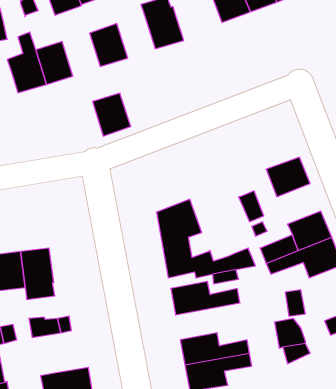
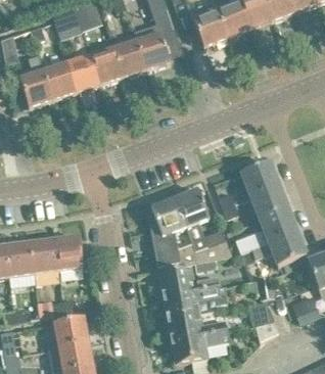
building: none -> [113,41,146,78]
building: [93,93,131,136] -> [66,56,99,93]
building: none -> [250,185,288,220]
building: none -> [176,189,210,251]
building: none -> [55,237,83,270]
building: none -> [164,286,228,319]
building: none -> [54,318,89,347]

